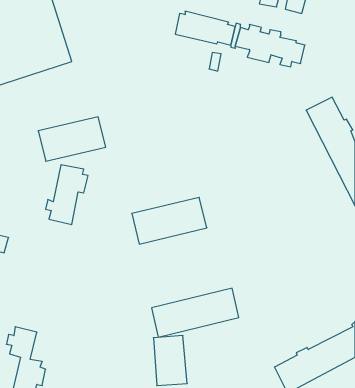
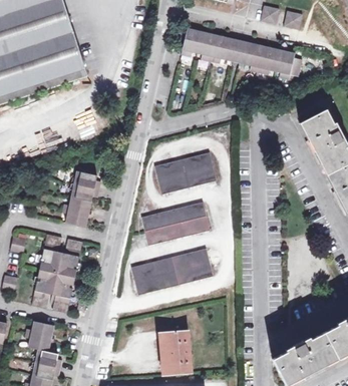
building: [38,117,106,161] -> [155,152,218,194]
building: none -> [32,234,83,312]
building: [152,288,239,337] -> [132,249,213,294]

